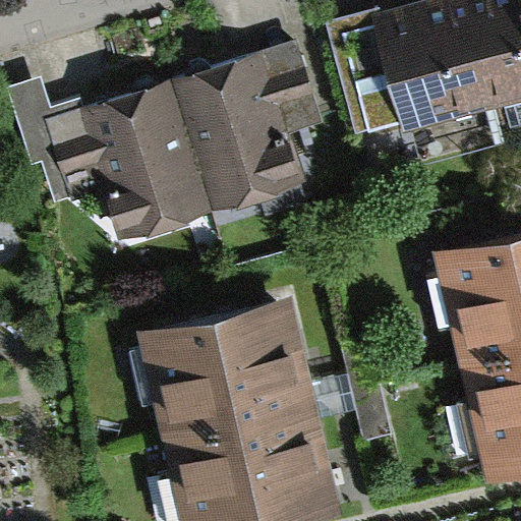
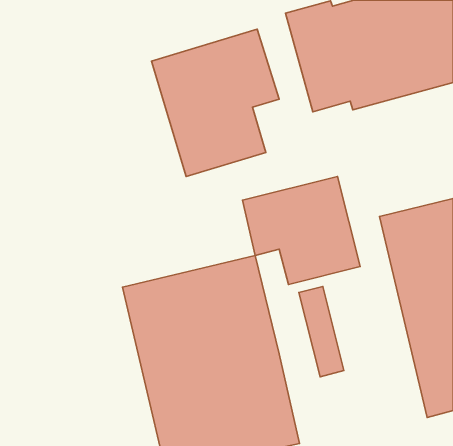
building: [5,74,214,241] -> none
building: none -> [242,176,360,284]

